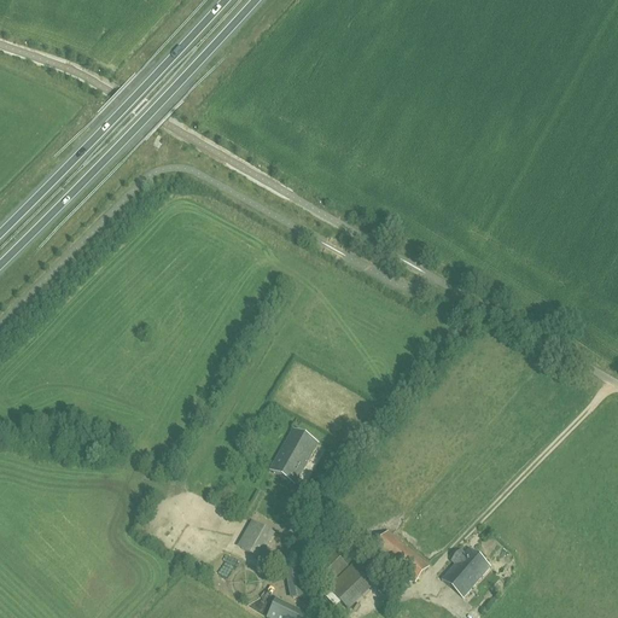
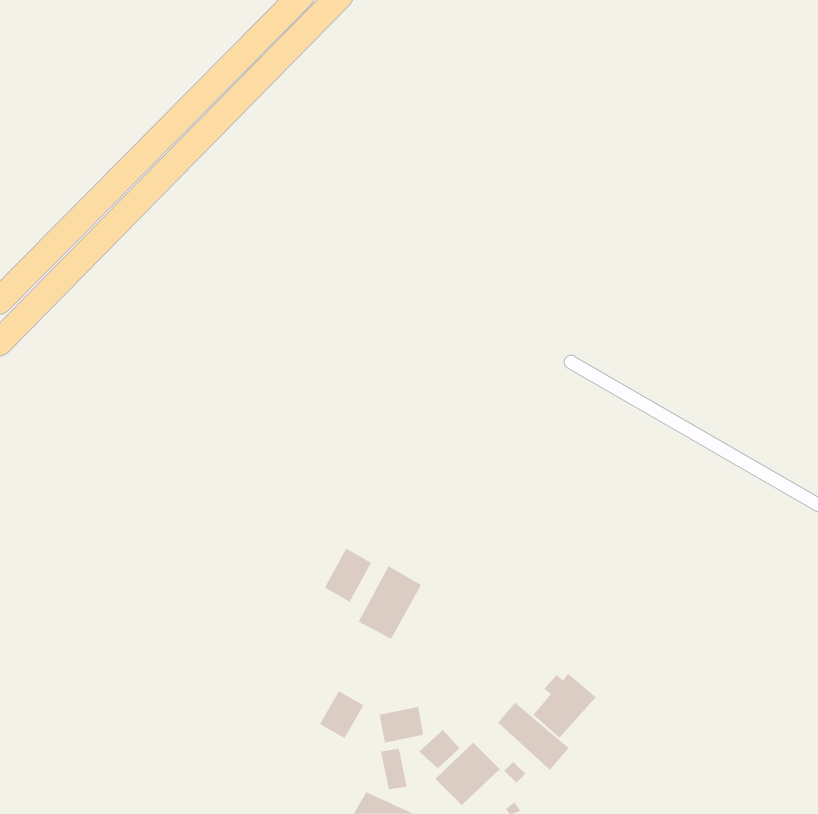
building: none -> [324,548,372,602]
building: none -> [379,706,424,743]
building: [442,547,490,596] -> [532,673,597,739]

